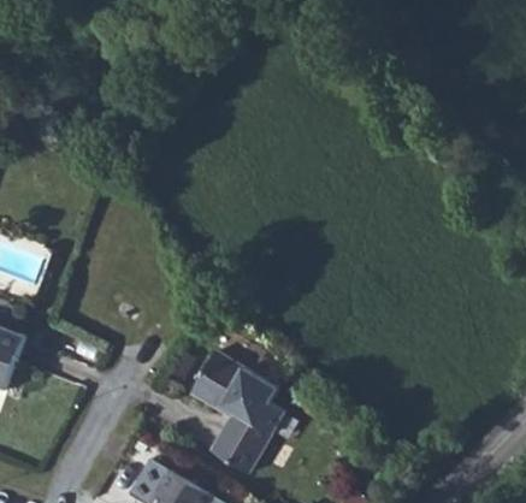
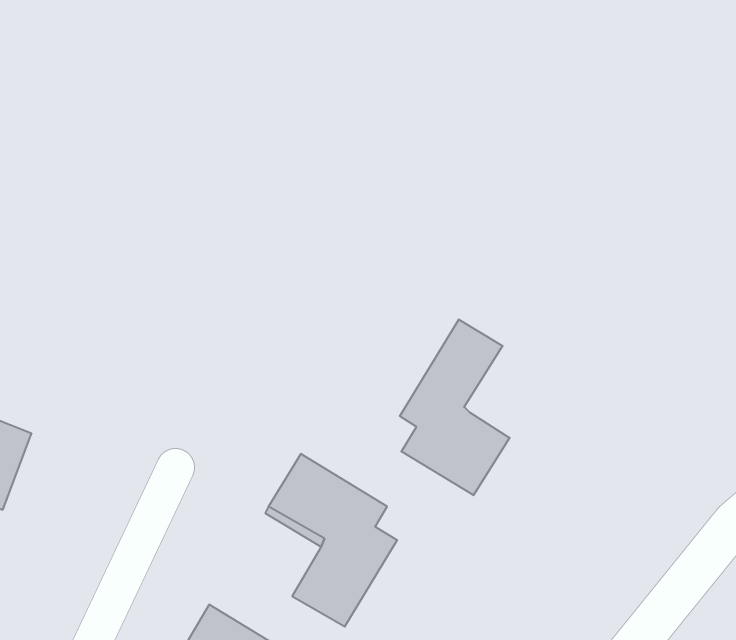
building: none -> [400,319,510,495]

